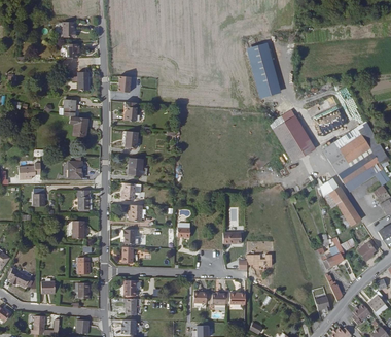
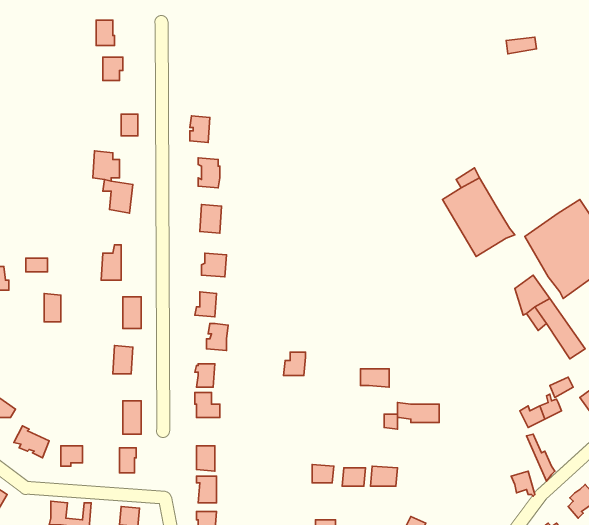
building: [246,41,282,97] -> none

